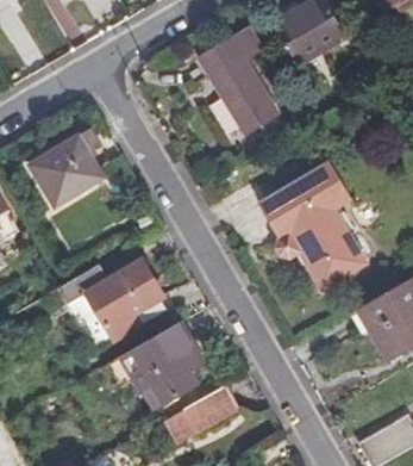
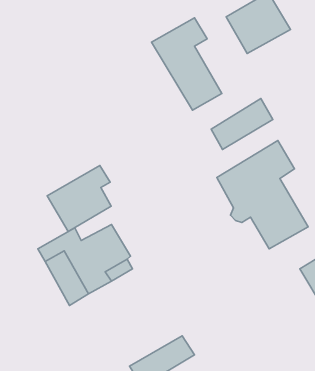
building: none -> [211,98,273,150]
building: [32,130,105,205] -> [47,165,111,231]
building: [123,322,201,406] -> none

